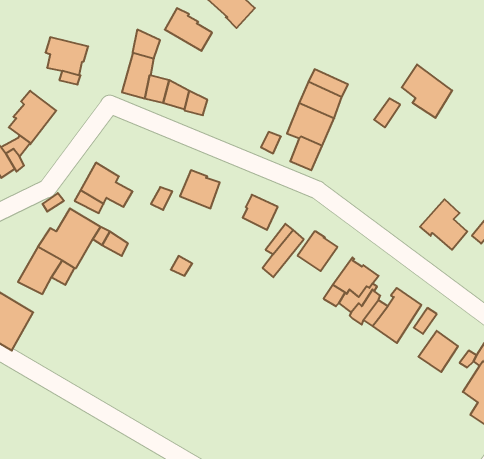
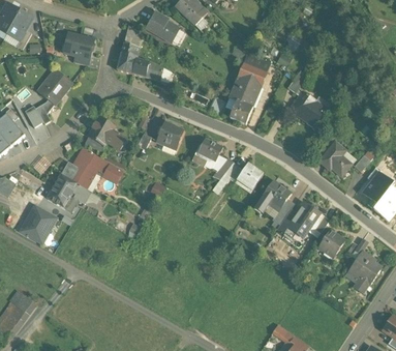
building: [402,64,452,118] -> [292,91,326,127]

